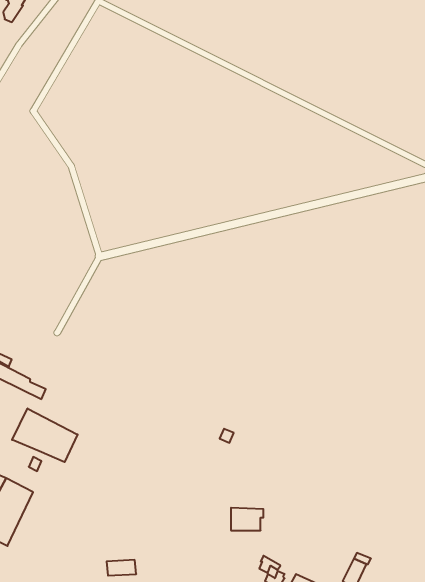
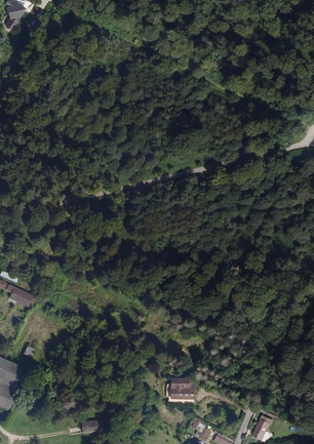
building: [12,408,78,462] -> none

